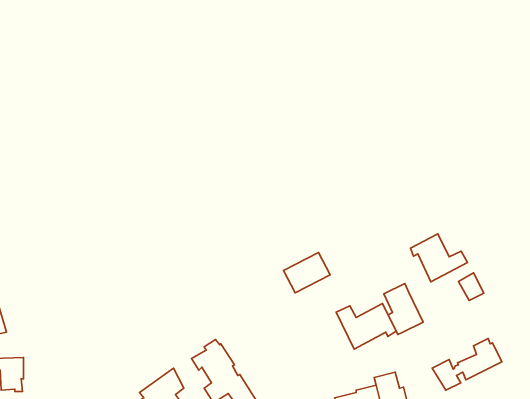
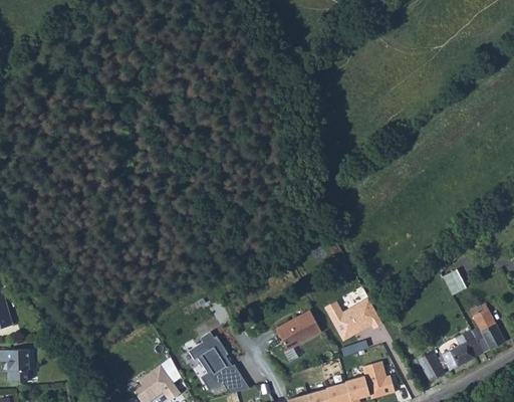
building: [410,234,467,282] -> none
building: [284,253,330,293] -> [276,311,320,349]
building: [384,284,423,335] -> none
building: none -> [470,303,505,353]

